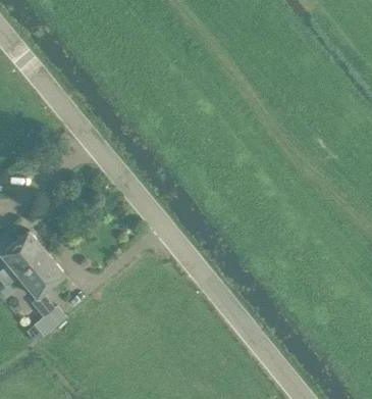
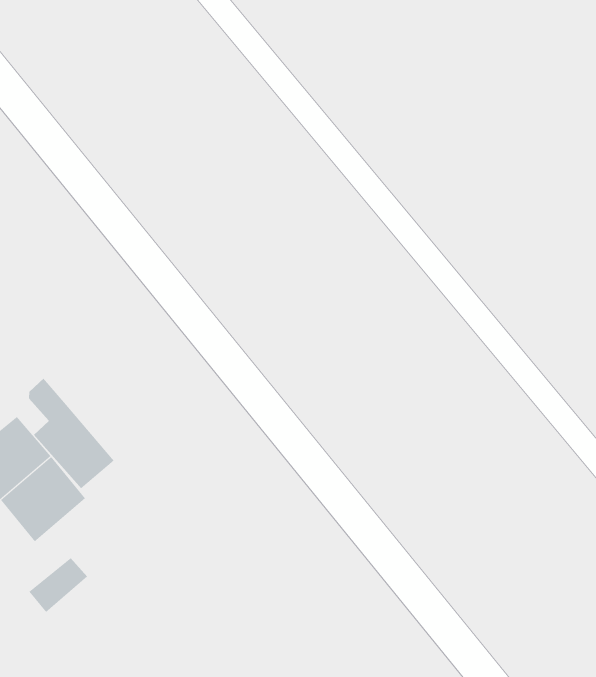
building: none -> [29,378,114,489]

